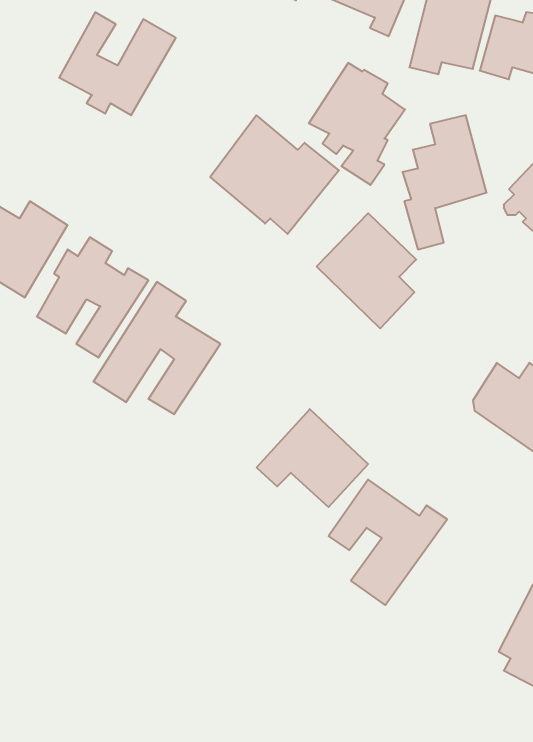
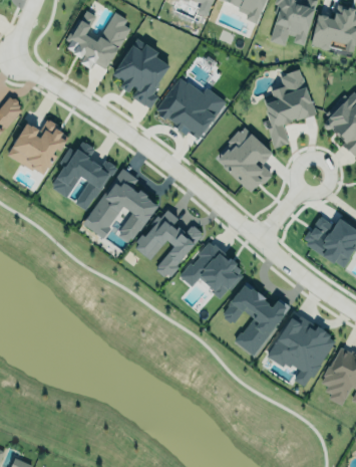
building: [309,63,405,185] -> [113,36,169,107]
building: none -> [136,205,209,279]
building: none -> [267,312,337,389]

